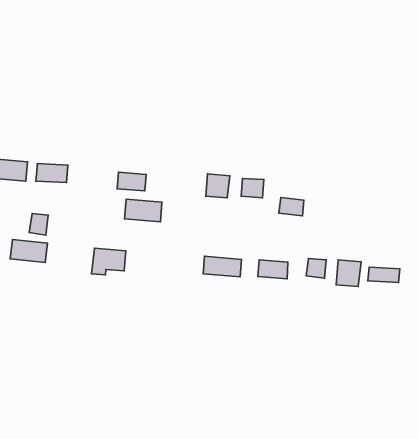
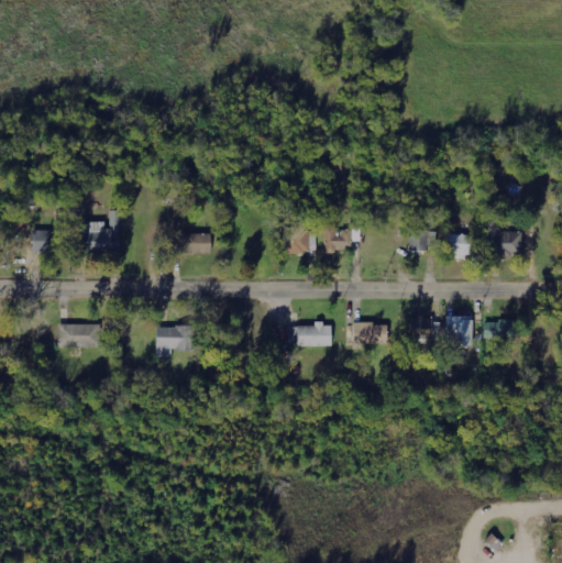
building: none -> [444,233,473,256]
building: none -> [489,230,521,255]
building: [279,197,304,216] -> [408,230,437,250]
building: [125,199,162,222] -> none
building: [29,214,48,235] -> none

